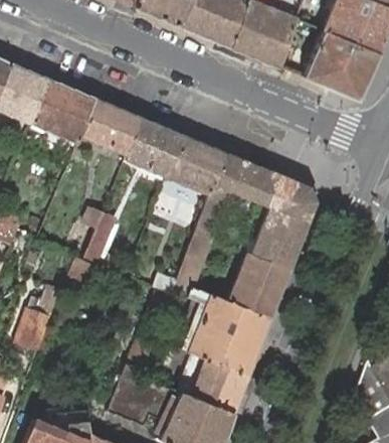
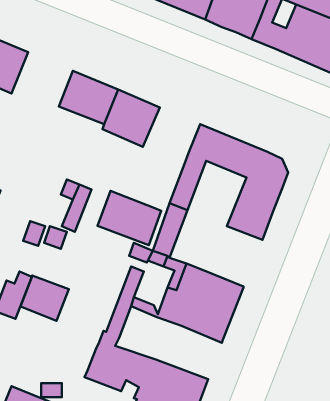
building: [33,79,95,140] -> none
building: [167,135,225,192] -> none
building: none -> [97,191,161,245]
building: [229,254,288,317] -> none
building: none -> [20,275,69,321]
building: [191,357,247,412] -> none

